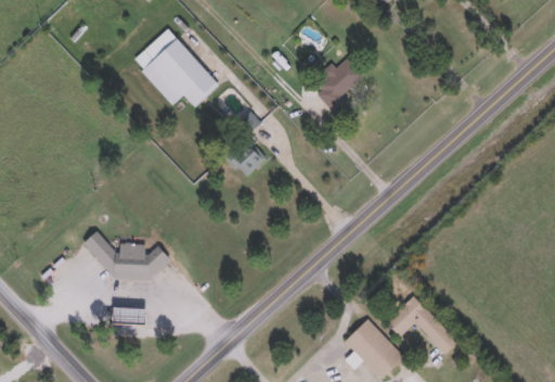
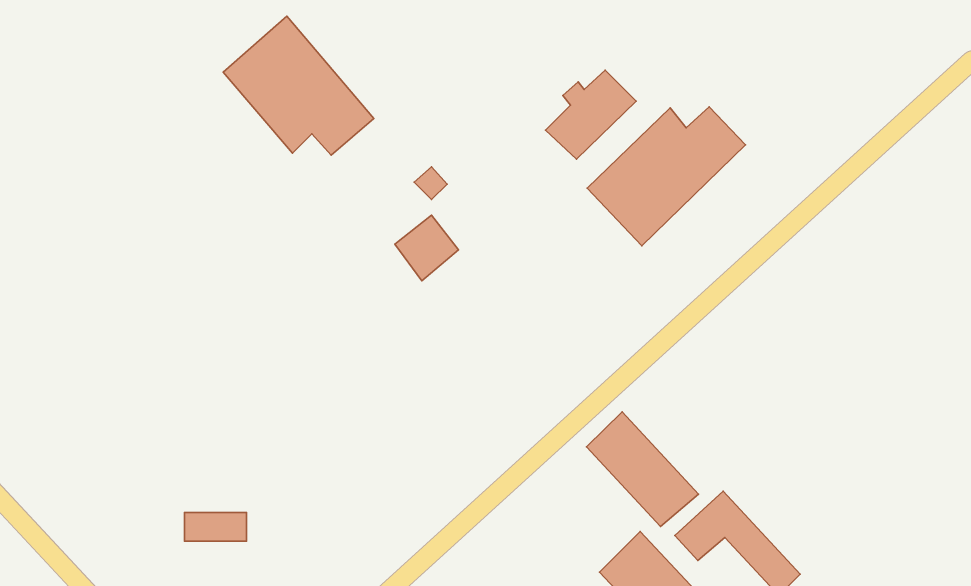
building: none -> [587,107,745,246]
building: [83,230,170,279] -> none
building: none -> [586,412,698,527]

